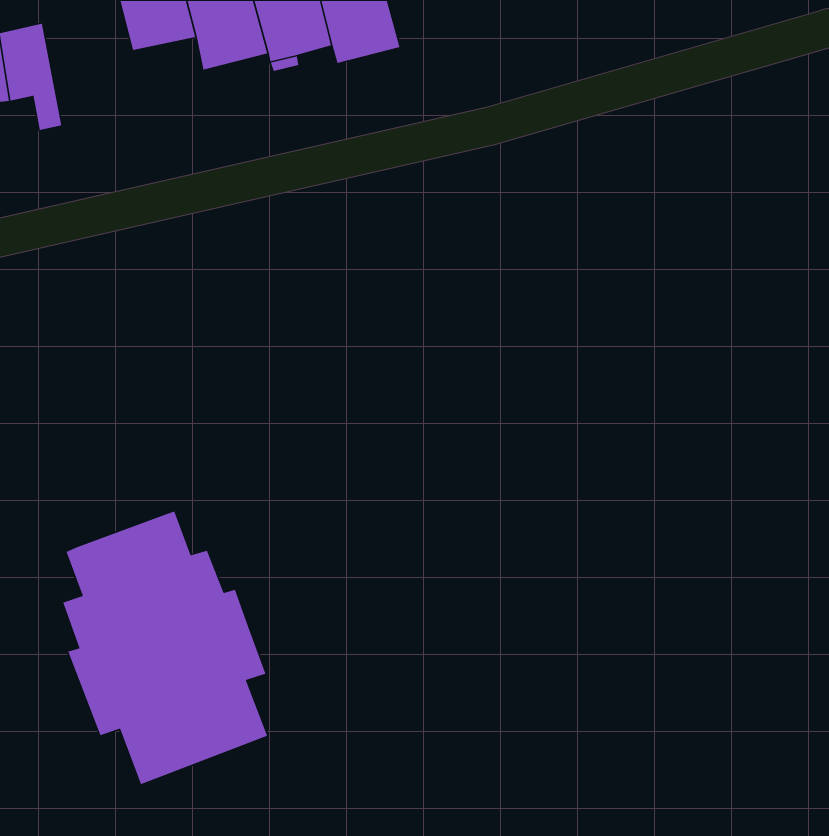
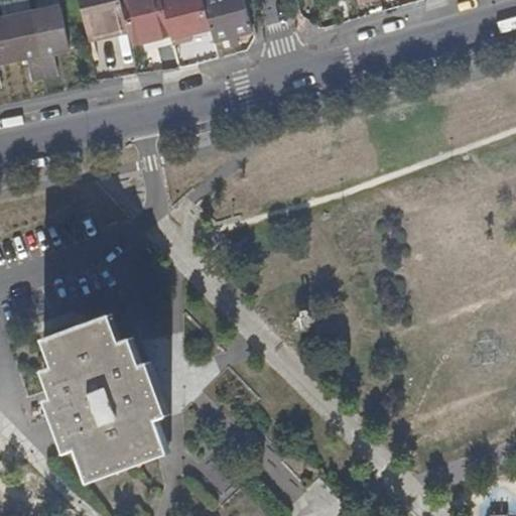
building: none -> [26,8,62,78]

